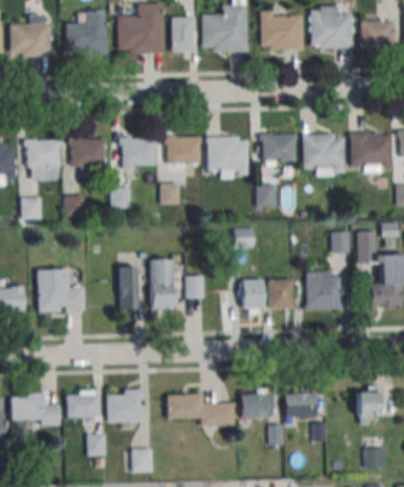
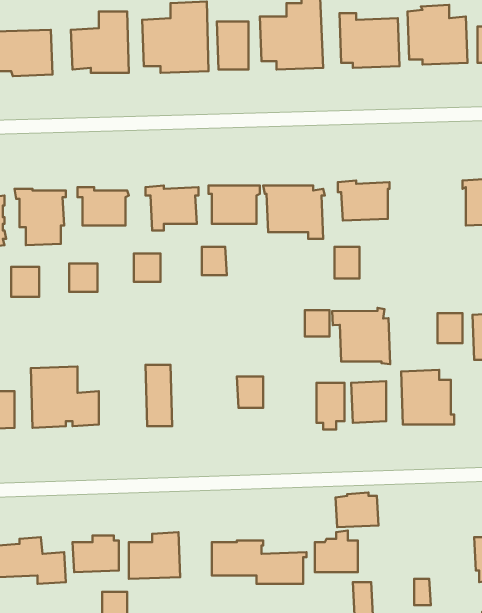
building: [301,134,345,174] -> none
building: none -> [332,308,390,364]
building: [152,259,175,312] -> none
building: [286,392,317,417] -> [335,492,379,527]

